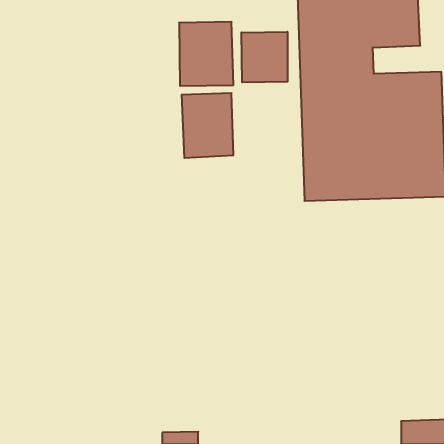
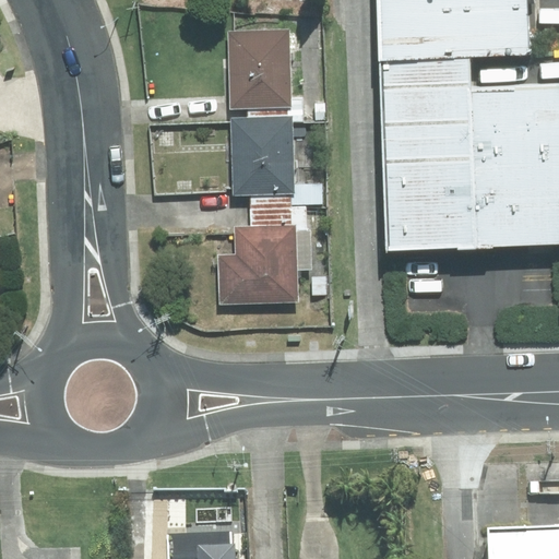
building: [241,32,288,82] -> none
building: none -> [219,223,304,304]

